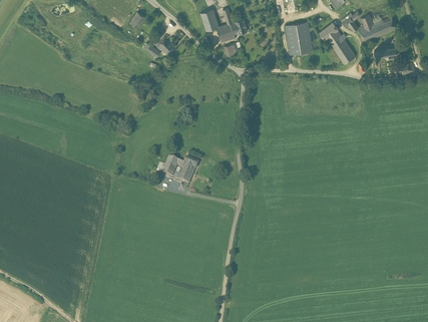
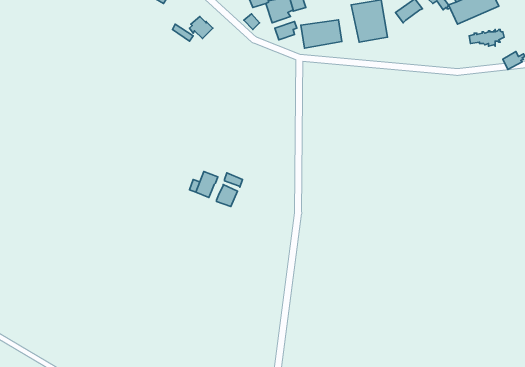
building: [326,31,355,64] -> none
building: none -> [301,20,342,48]

